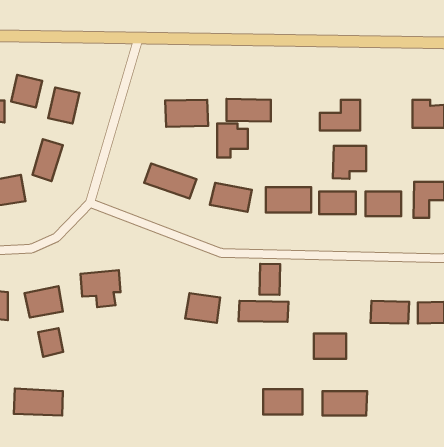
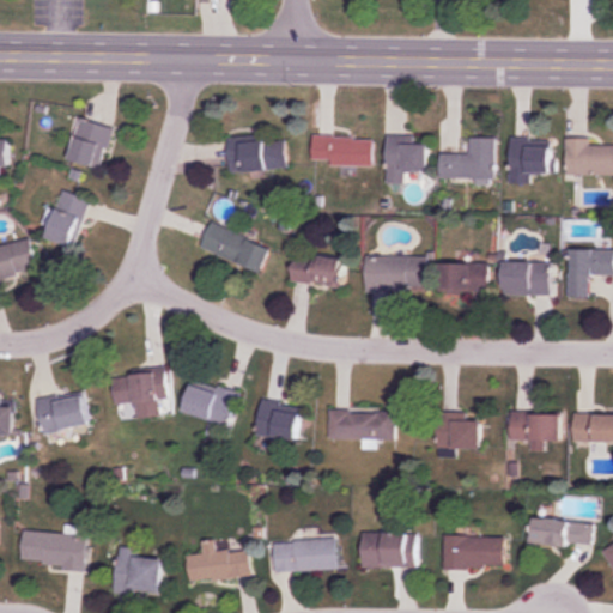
building: [11,75,42,108] -> none
building: [217,123,248,158] -> [384,136,426,183]
building: [333,146,366,179] -> [508,139,553,184]
building: [260,264,280,295] -> none
building: none -> [181,381,237,426]
building: [38,328,63,357] -> none
building: [314,333,346,359] -> [435,414,479,449]
building: none -> [529,520,591,546]
building: none -> [272,540,336,573]
building: none -> [186,541,249,582]
building: none -> [111,553,162,596]

